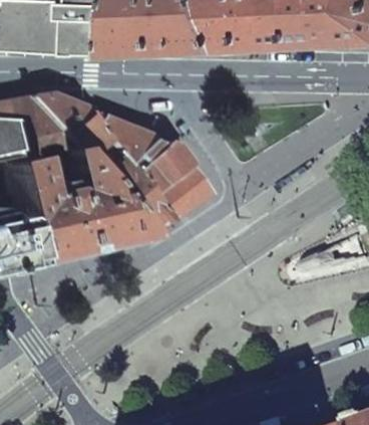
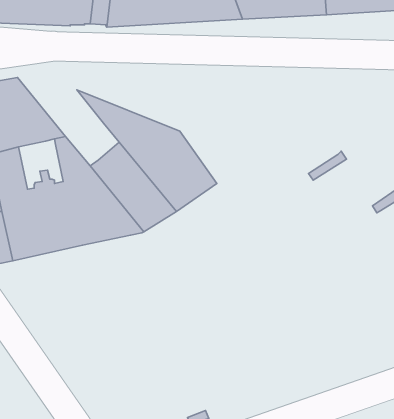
building: [24,93,101,176] -> none

